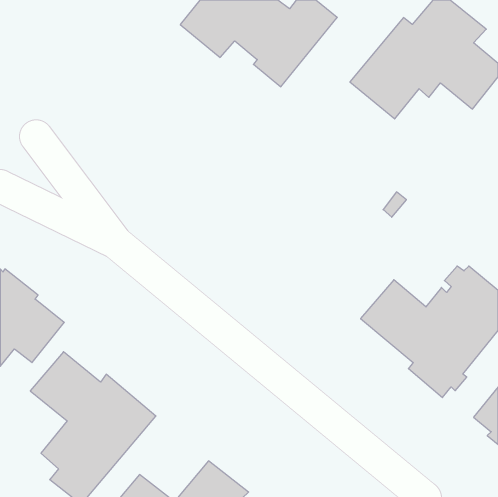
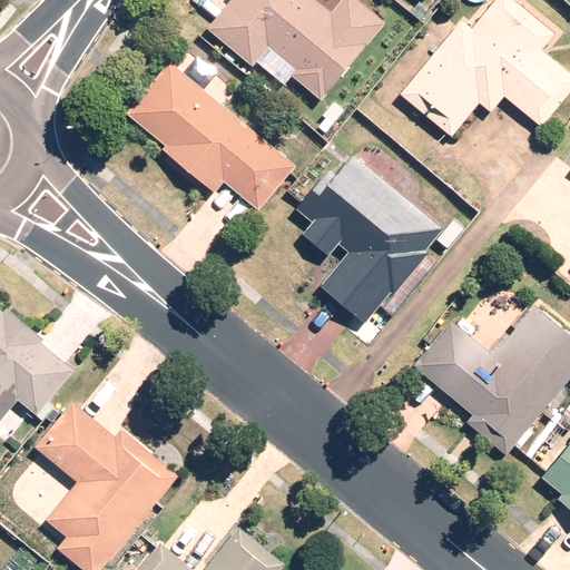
building: none -> [126,61,296,212]
building: none -> [296,154,443,323]

